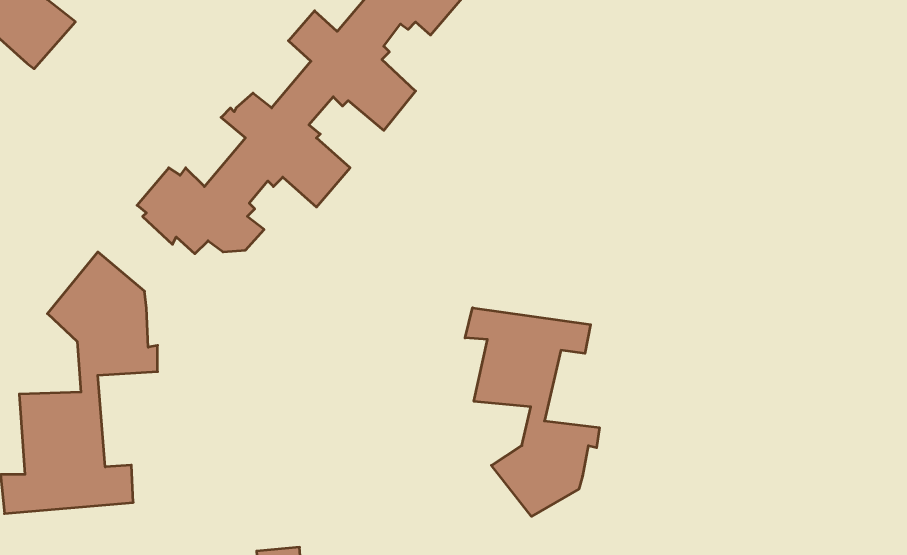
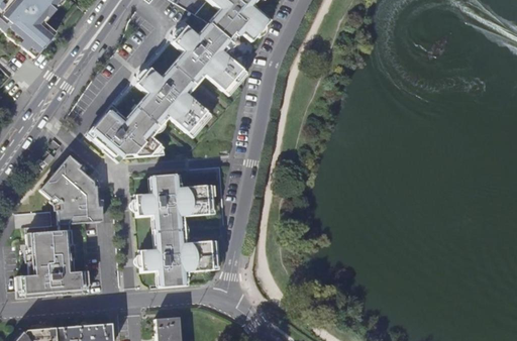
building: none -> [136,174,213,286]
building: [465,308,599,516] -> none

